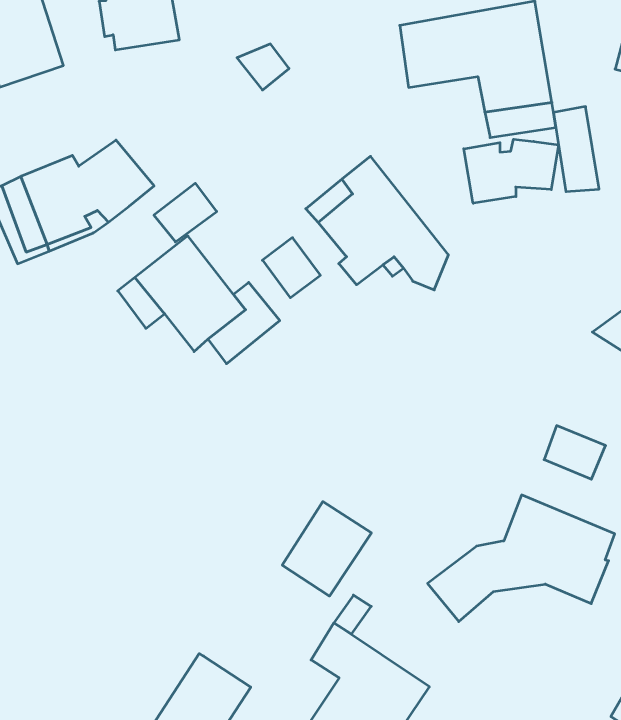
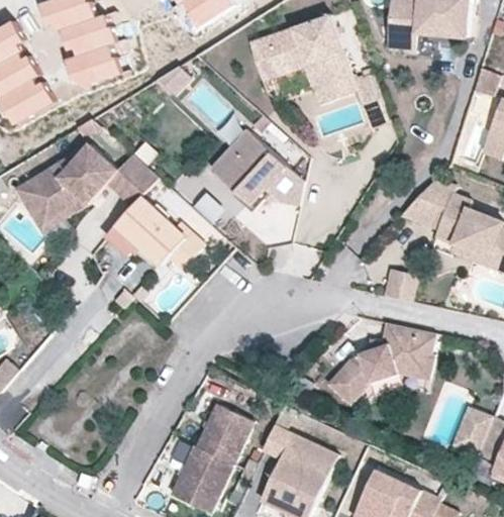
building: [464,139,558,203] -> none
building: none -> [103,152,141,207]
building: [282,502,371,596] -> [197,410,248,468]

